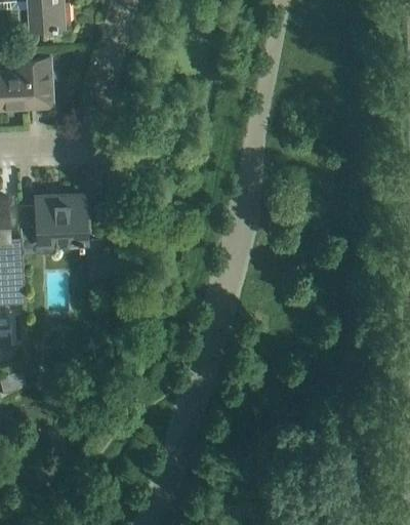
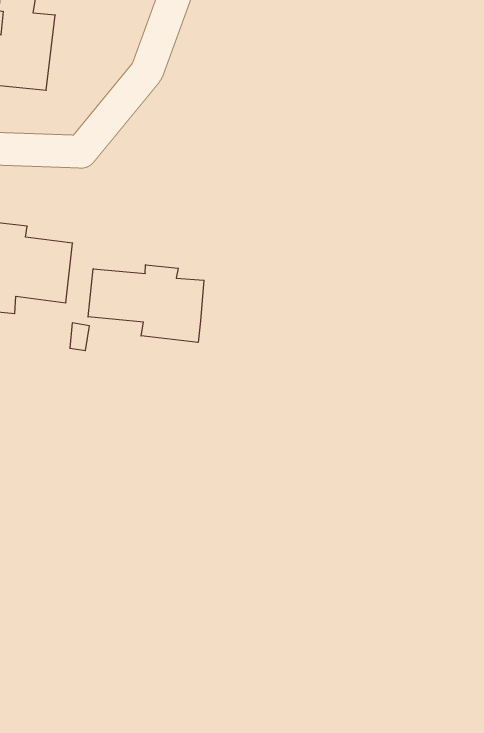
building: none -> [88,265,204,342]

